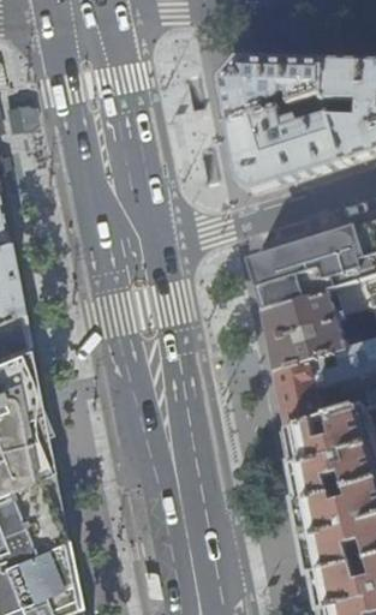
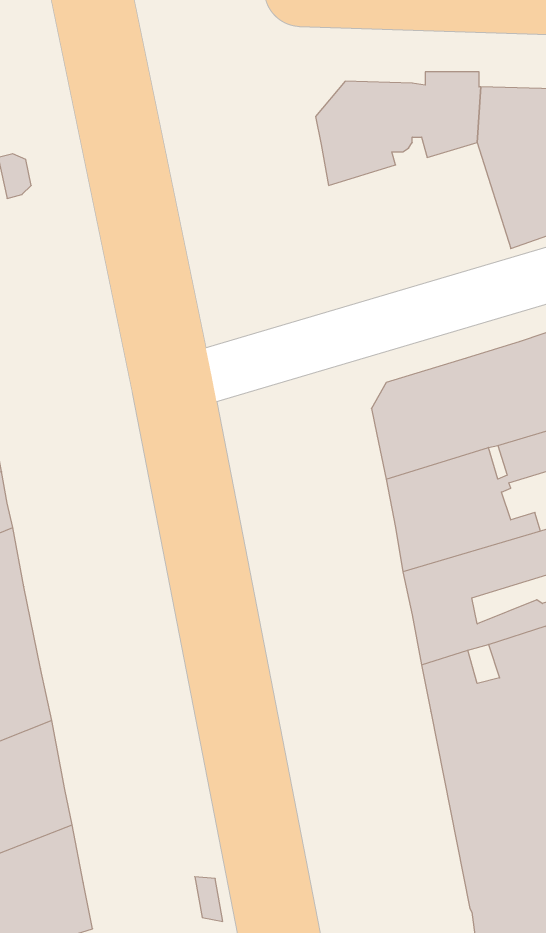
building: [223,95,341,192] -> none

